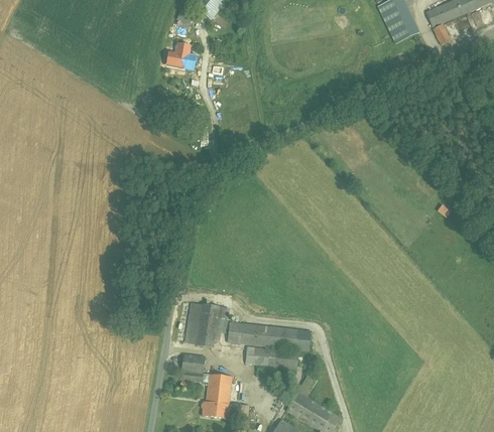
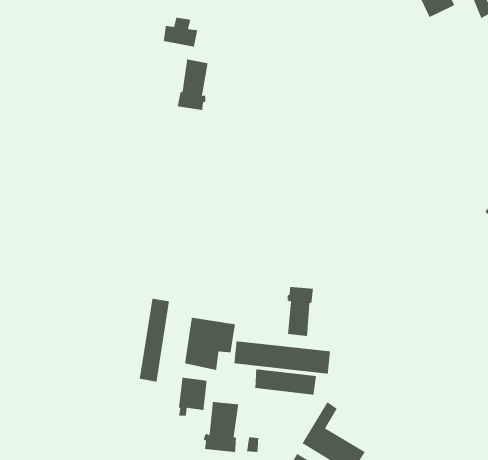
building: none -> [177,59,208,111]
building: none -> [287,286,314,337]
building: none -> [139,298,170,382]

